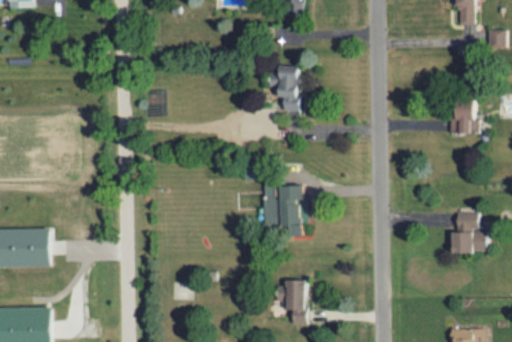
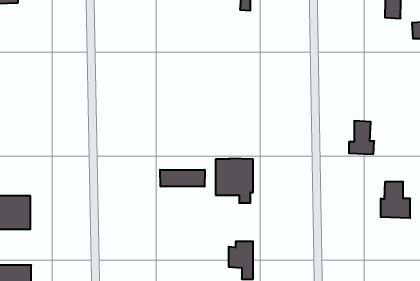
building: [268,65,298,111] -> none
building: [449,96,478,134] -> [349,121,374,154]
building: none -> [160,170,205,187]

